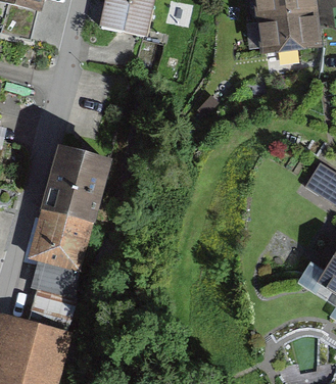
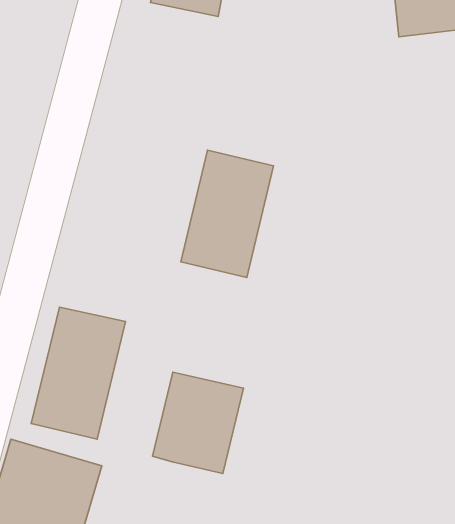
building: [45,145,105,228] -> [181,150,273,278]
building: none -> [153,372,243,474]

